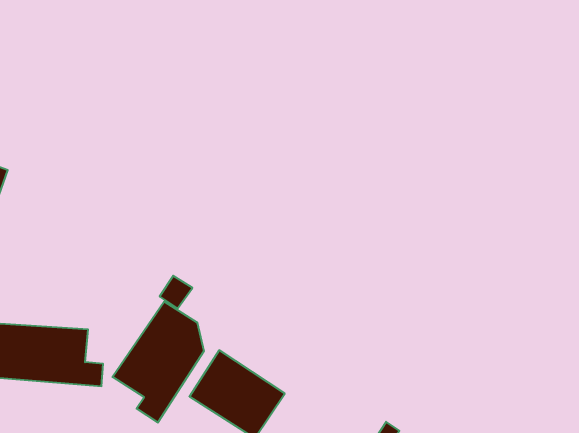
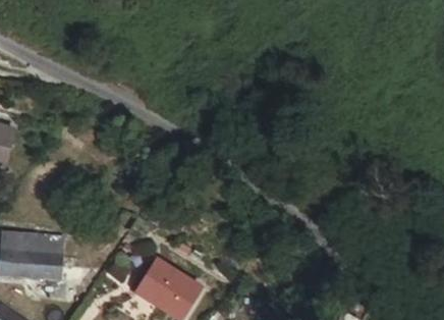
building: [112,301,204,423] -> none

